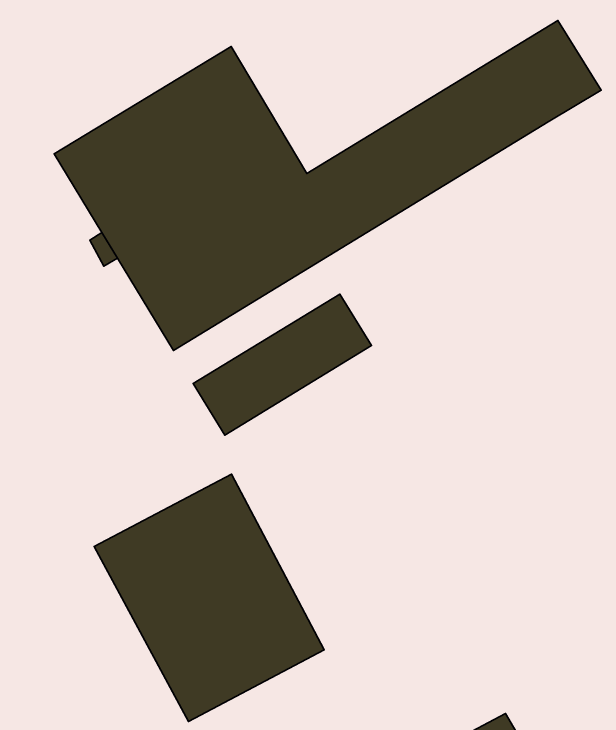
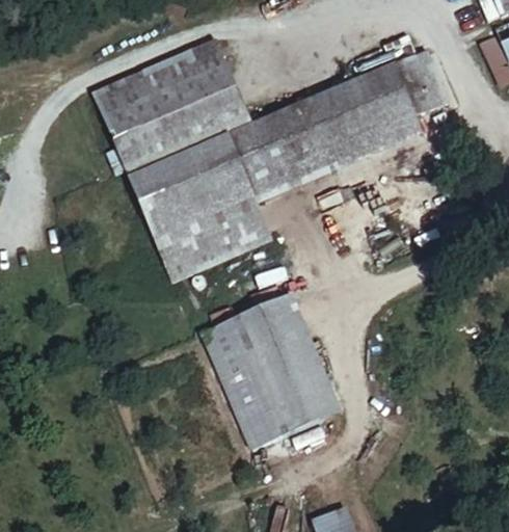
building: none -> [153,118,422,261]
building: [94,474,324,722] -> [198,283,339,438]

